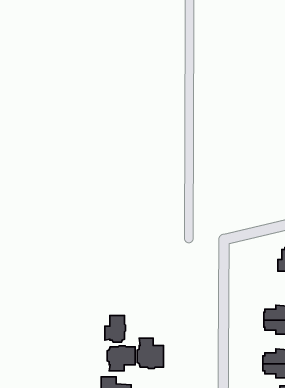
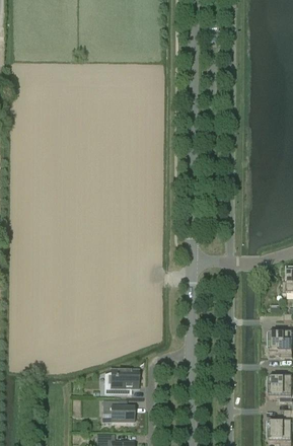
building: [105,316,125,342] -> none
building: [137,338,164,368] -> none

